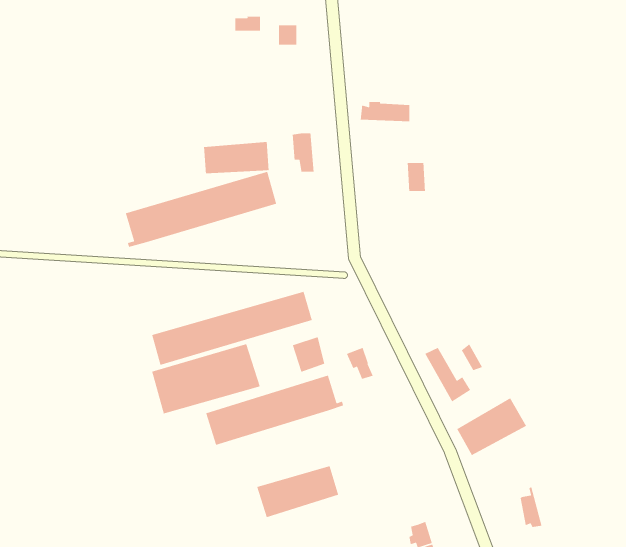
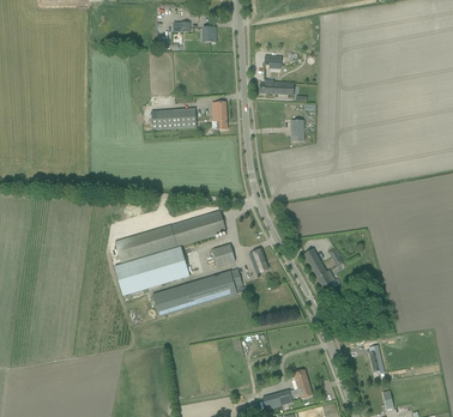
building: [125,171,277,248] -> none
building: [456,397,527,456] -> none
building: [256,465,339,518] -> none

